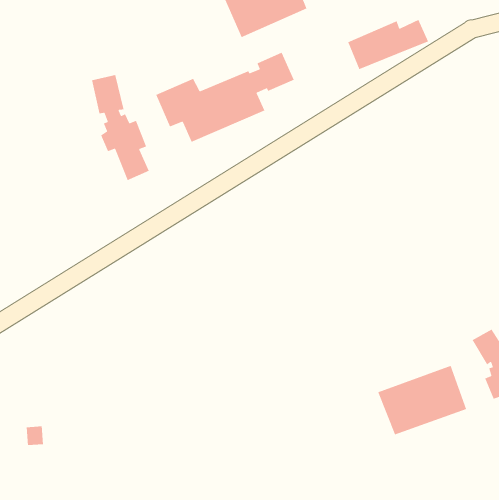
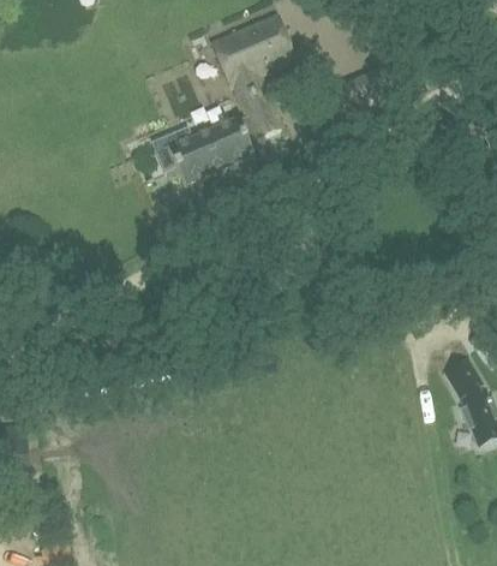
building: [91,74,150,181] -> none
building: [377,365,467,435] -> none

